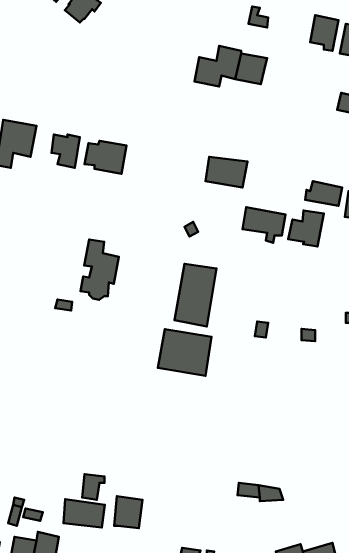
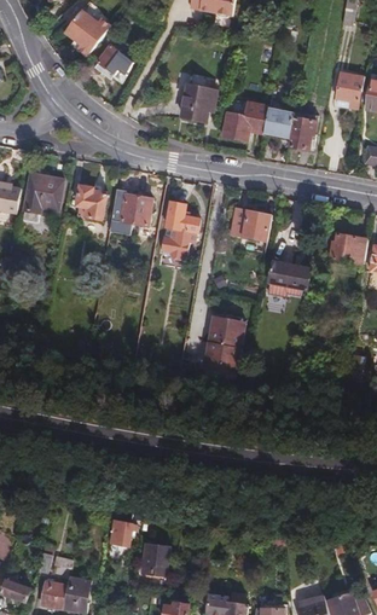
building: none -> [179,86,215,123]
building: none -> [284,118,313,151]
building: [288,211,324,246] -> none
building: [81,240,119,300] -> [163,202,201,261]
building: [158,329,212,376] -> none
building: [63,499,105,527] -> none

